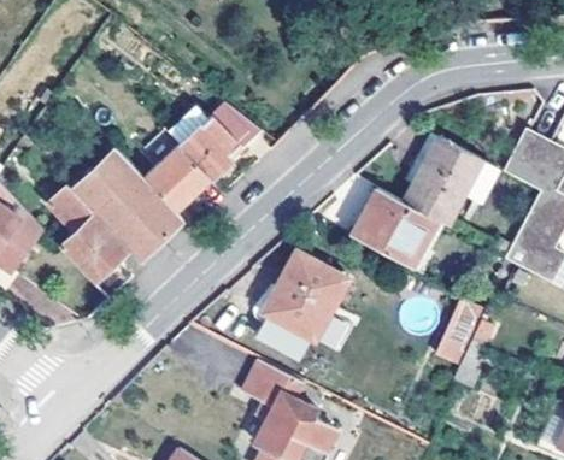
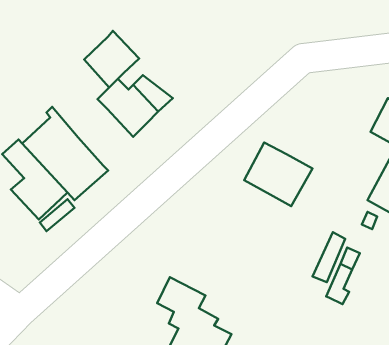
building: [404,136,482,224] -> none
building: [143,145,212,216] -> [84,31,139,88]
building: [264,250,345,336] -> none

